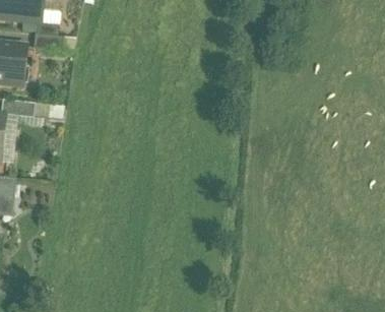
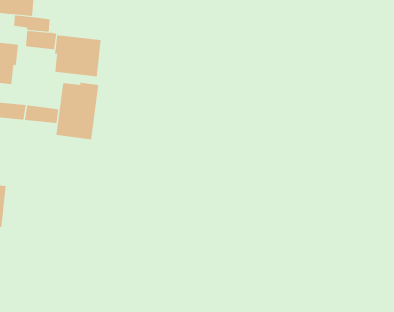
building: none -> [53,35,101,77]
building: none -> [56,80,99,140]

